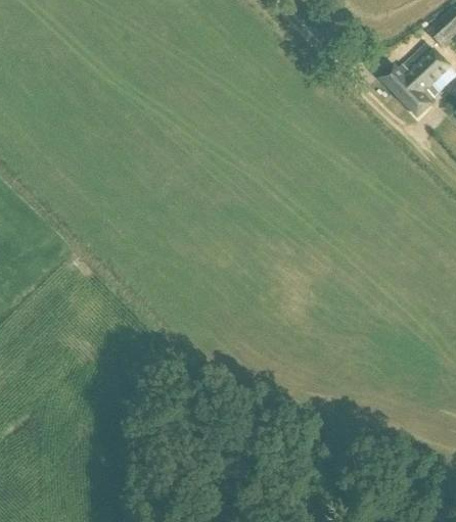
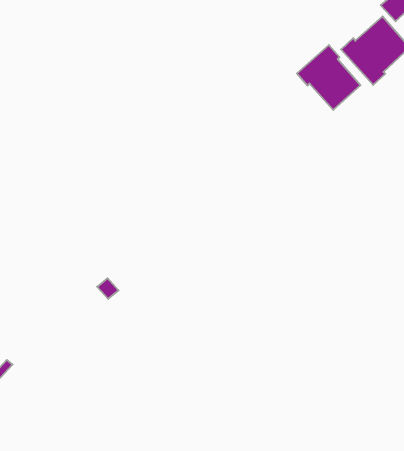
building: none -> [297,45,360,110]

